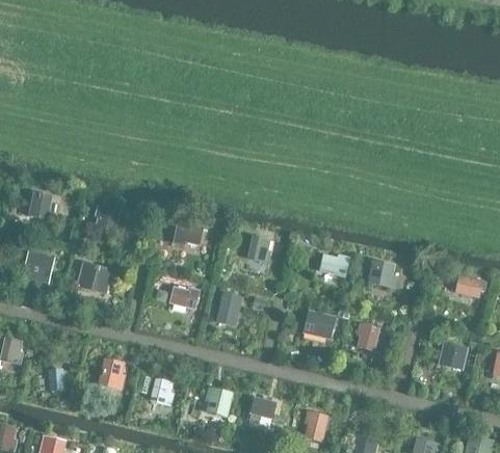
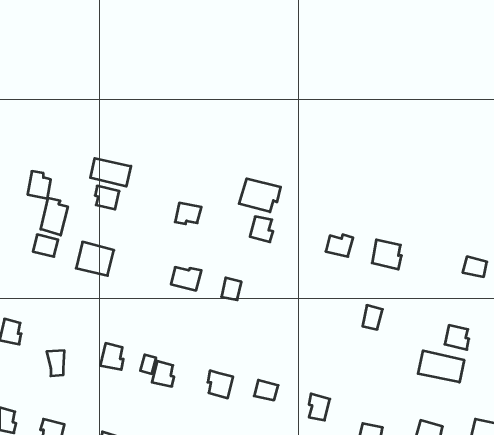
building: none -> [90,158,131,186]
building: none -> [239,179,281,212]
building: none -> [41,198,68,235]
building: [304,312,336,338] -> none
building: none -> [418,351,464,382]

